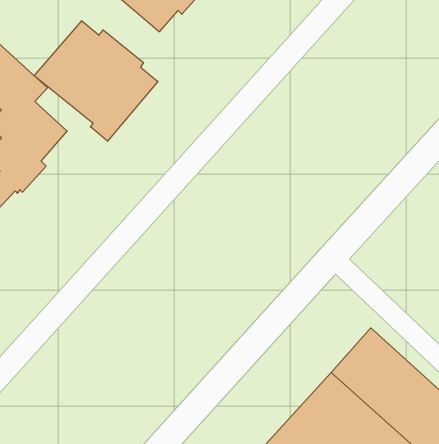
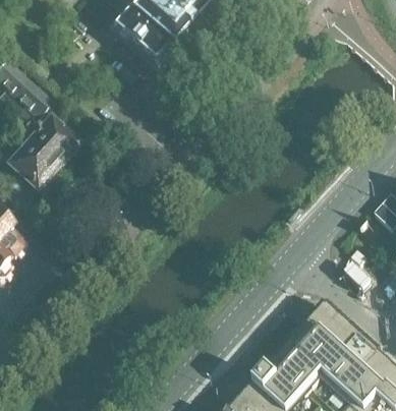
building: [34,21,158,141] -> none

